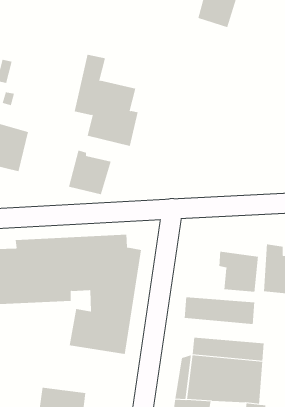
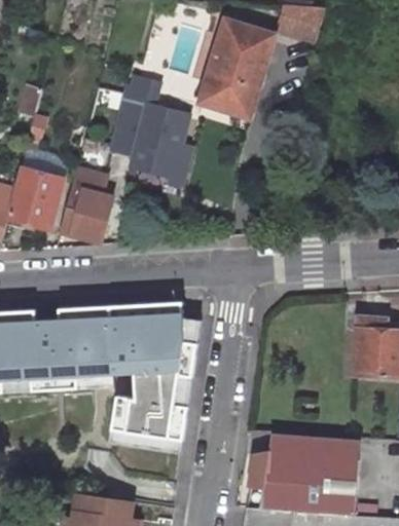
building: none -> [201,21,269,109]
building: [68,150,111,195] -> [56,181,110,237]
building: [219,251,258,293] -> none
building: [184,297,255,325] -> none

